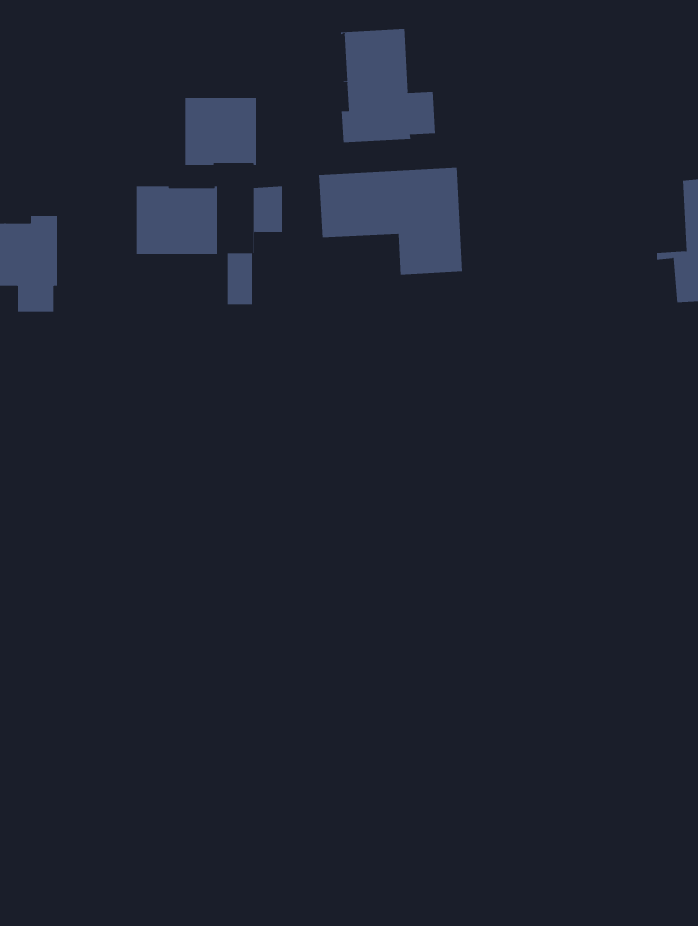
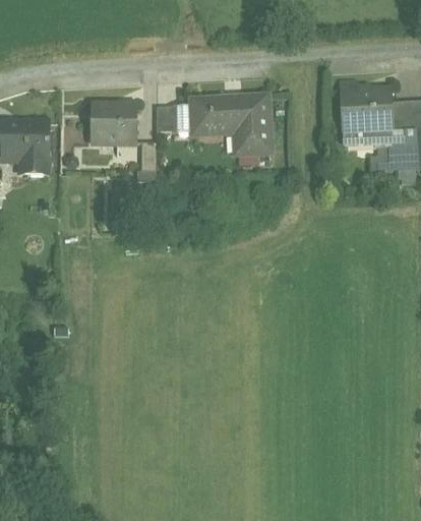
building: [341,28,435,143] -> none
building: [185,97,256,166] -> none
building: none -> [342,88,393,143]

